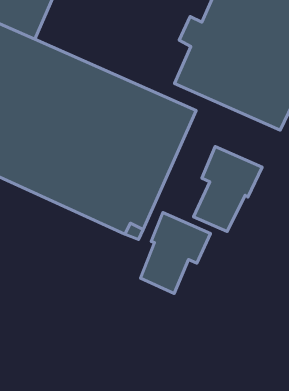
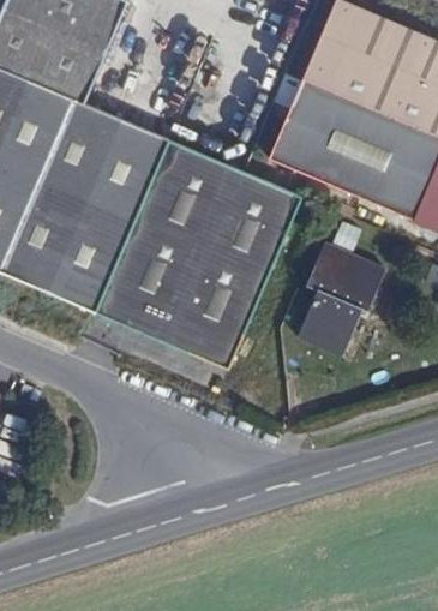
building: [141,212,210,293] -> none

